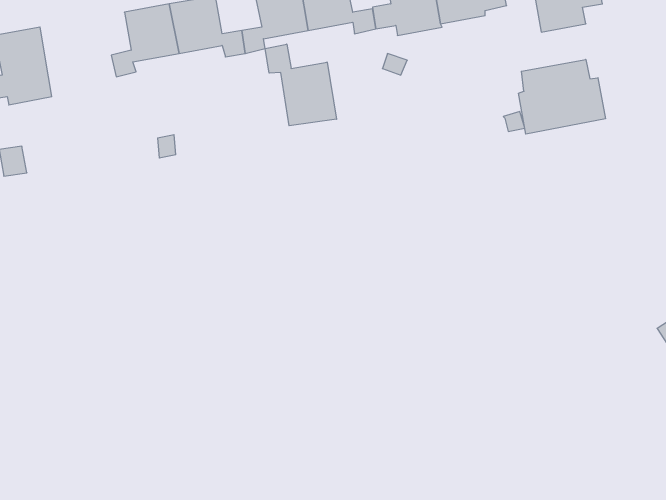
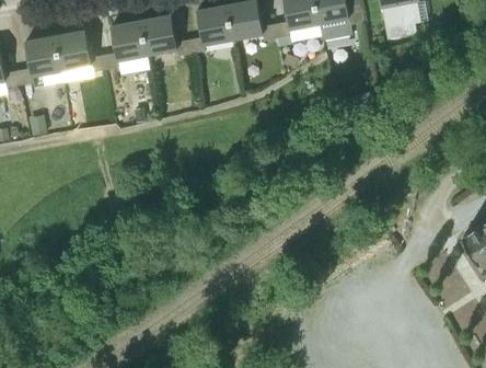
building: none -> [56,31,106,71]
building: [265,44,337,126] -> none
building: [518,59,605,134] -> none

